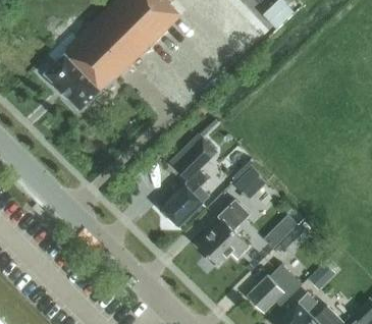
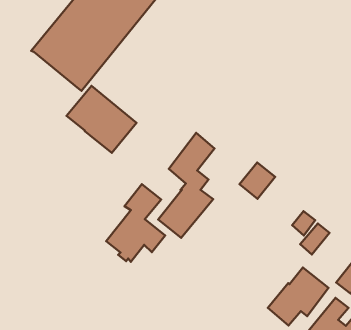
building: [44,49,104,109] -> [67,86,137,153]
building: [198,199,250,265] -> [106,184,165,262]

